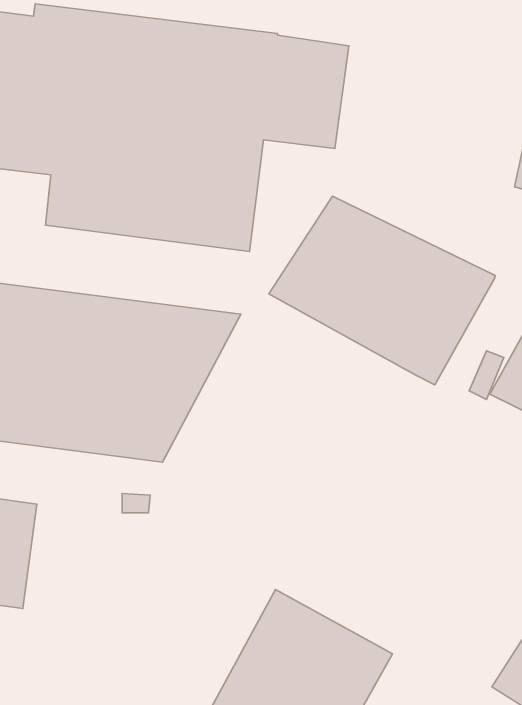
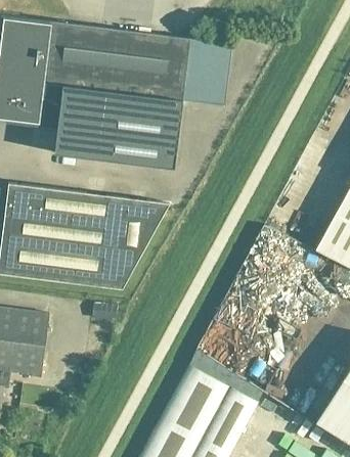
building: [269,196,495,385] -> none

